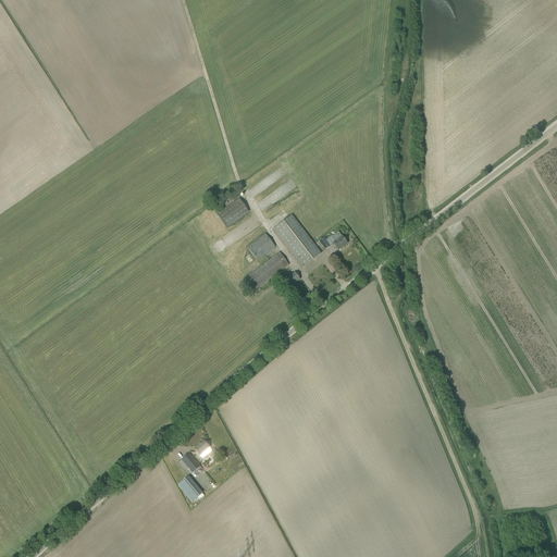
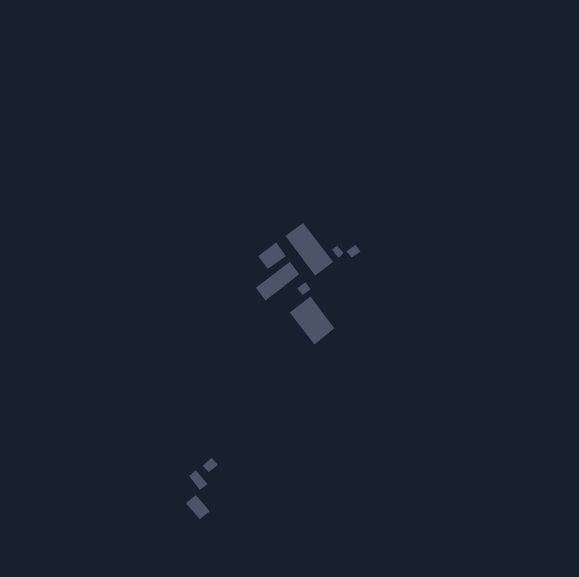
building: [218,197,248,225] -> none
building: none -> [289,296,335,345]

